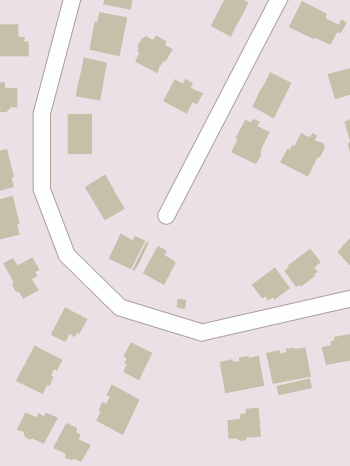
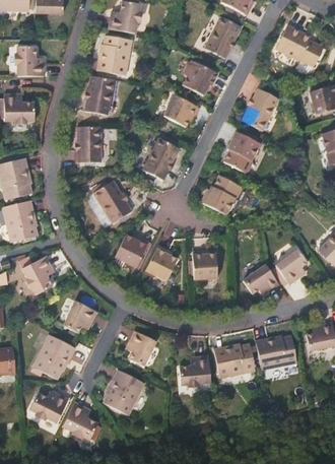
building: [134,35,174,74] -> [182,61,217,96]
building: none -> [143,137,179,180]
building: [279,132,326,177] -> [200,175,242,215]
building: none -> [189,250,217,280]
building: [227,407,262,441] -> [178,355,209,386]

